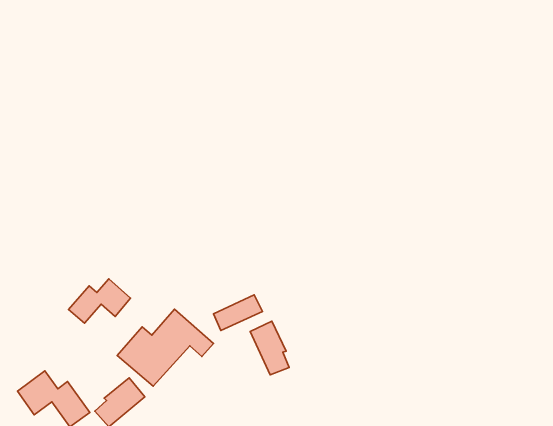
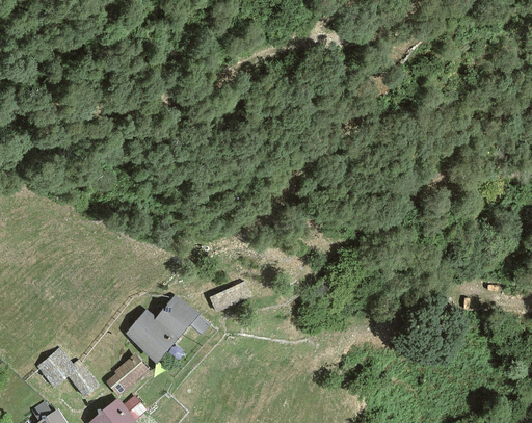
building: [69,279,131,323] -> none
building: [250,321,289,375] -> none

